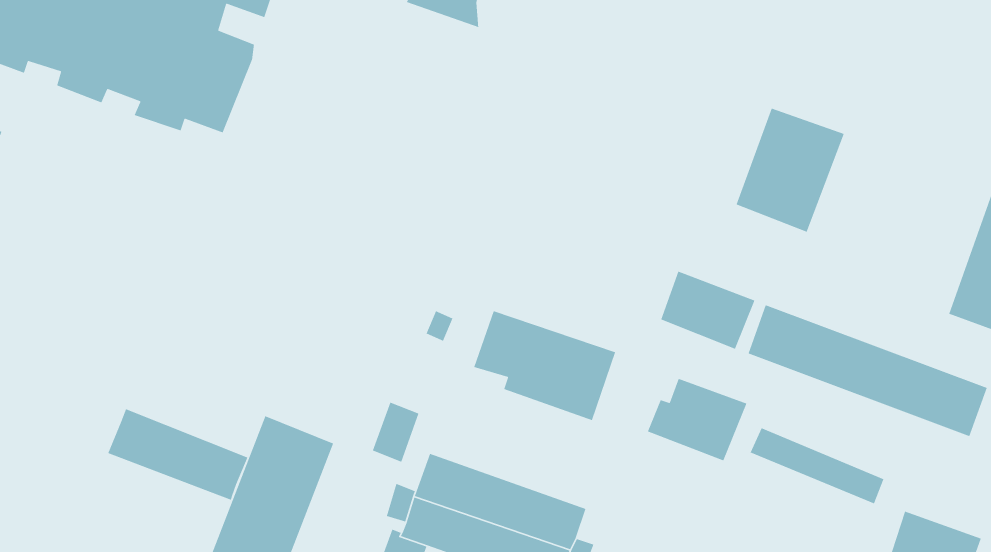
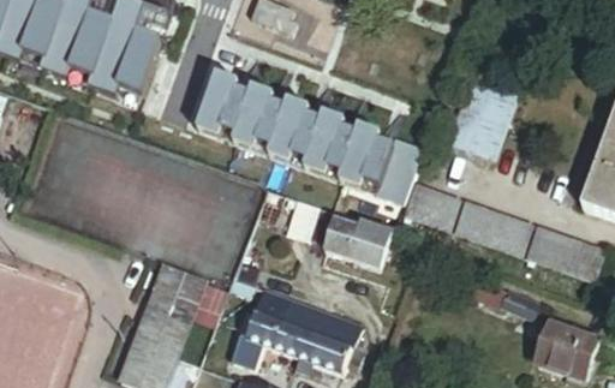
building: none -> [196,77,422,202]
building: [647,378,747,461] -> none
building: [107,408,249,501] -> none

